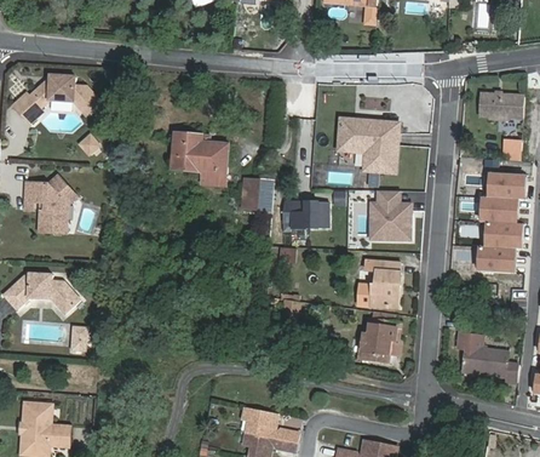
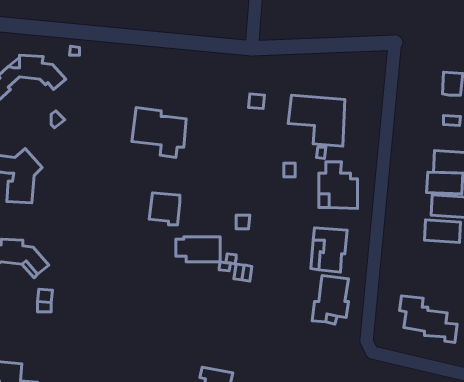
building: [476,92,502,116] -> none
building: [240,178,272,212] -> [149,193,180,225]
building: [281,201,328,228] -> [176,237,220,262]

